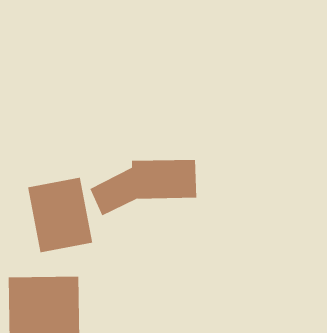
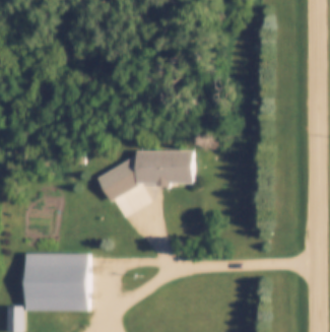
building: [27,177,93,253] -> none

